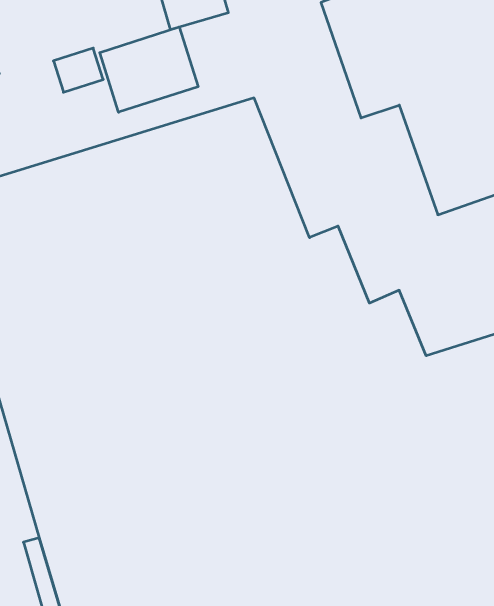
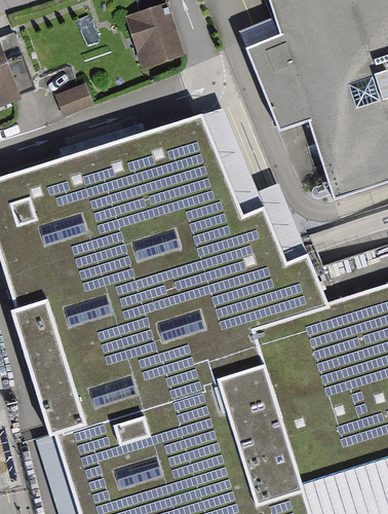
building: [100,27,198,112] -> none
building: none -> [201,107,306,264]

